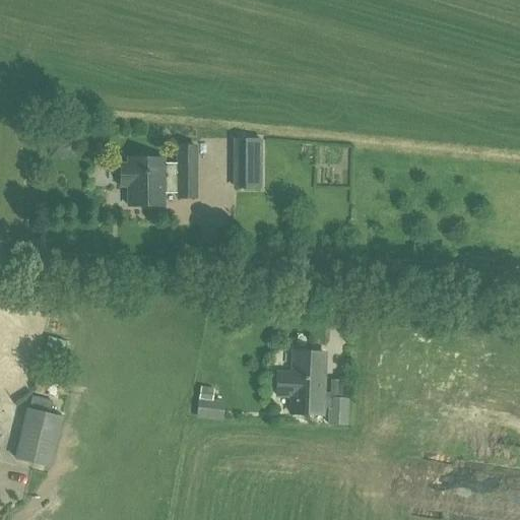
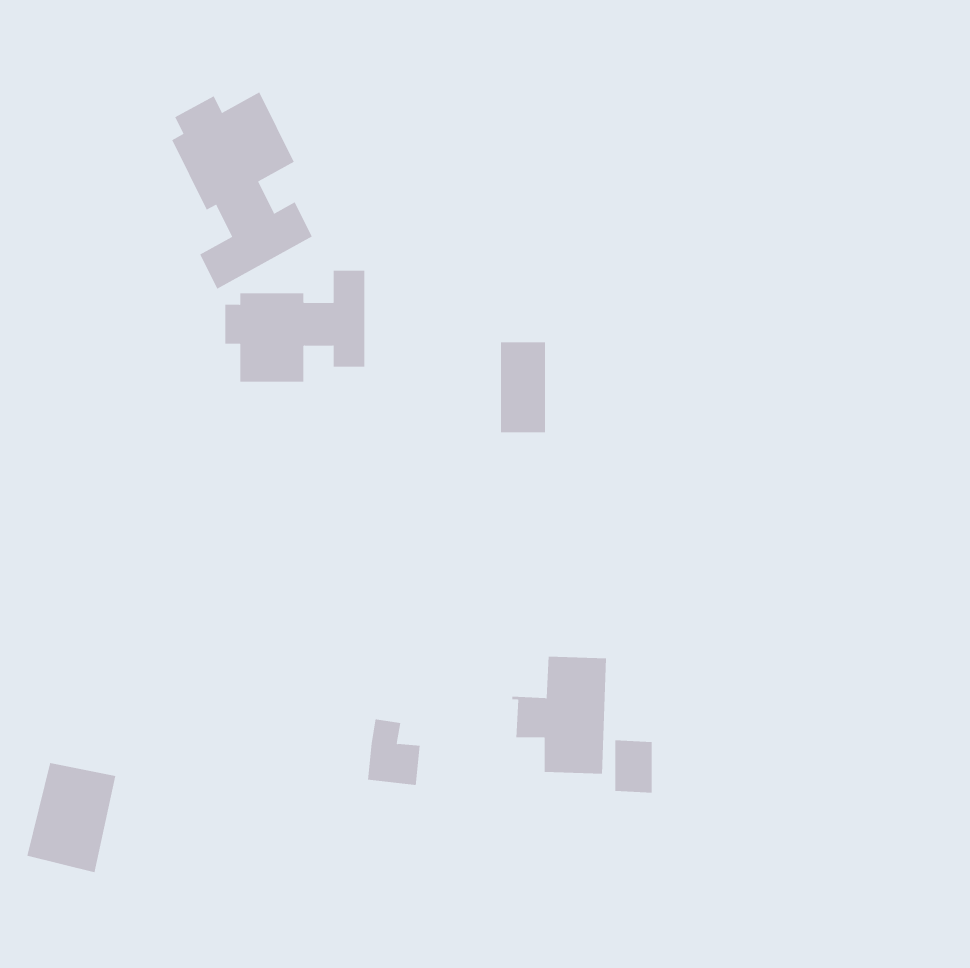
building: none -> [172,91,312,289]
building: [237,137,261,186] -> [500,342,546,433]

